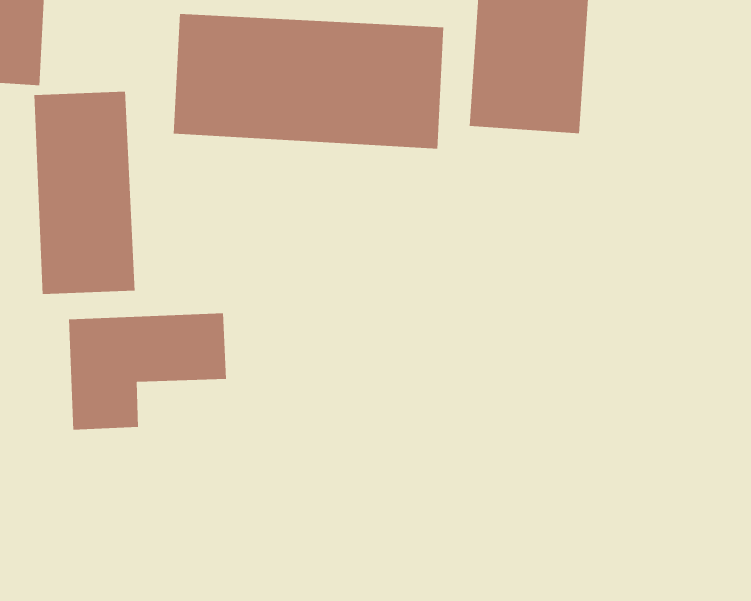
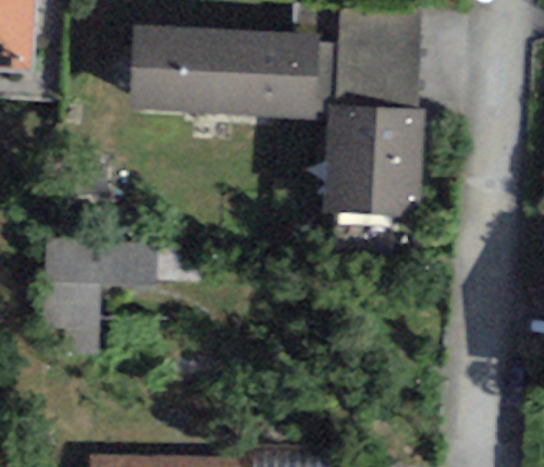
building: [34,91,135,295] -> none
building: none -> [323,105,422,217]

